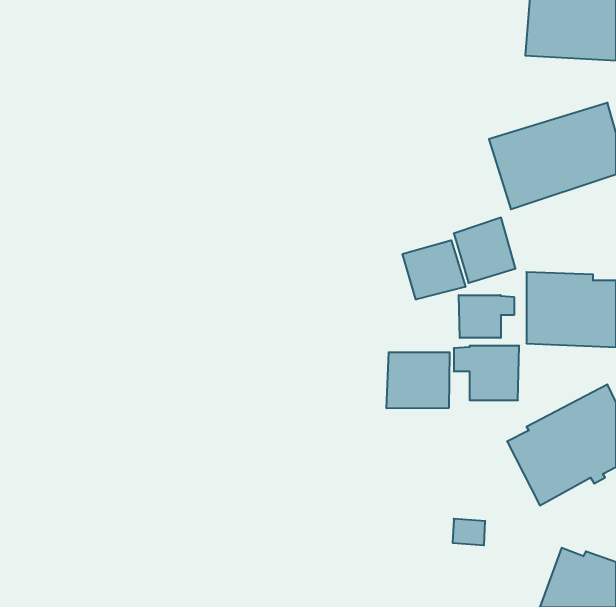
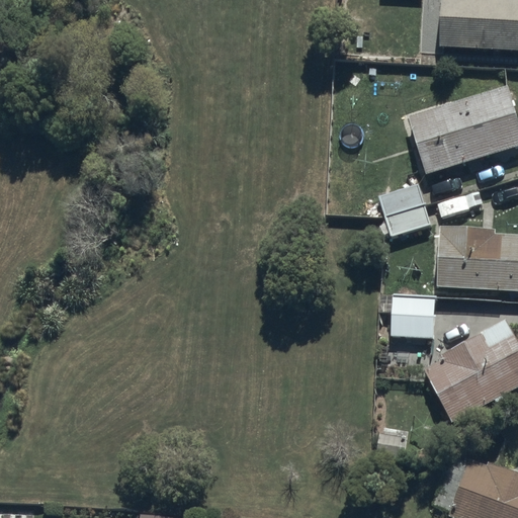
building: [403,240,465,300] -> none
building: [459,295,514,338] -> none
building: [387,352,450,408] -> none

